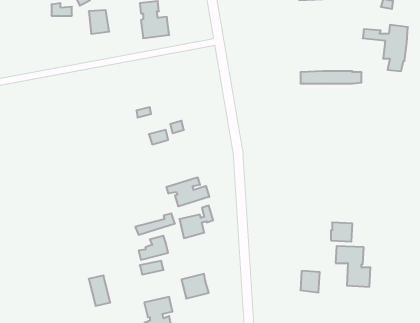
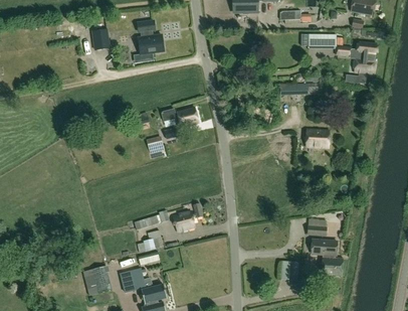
building: none -> [308,34,336,49]
building: none -> [161,108,199,127]
building: none -> [305,130,330,148]
building: [167,177,209,206] -> none
building: [182,274,209,299] -> [122,270,146,292]

